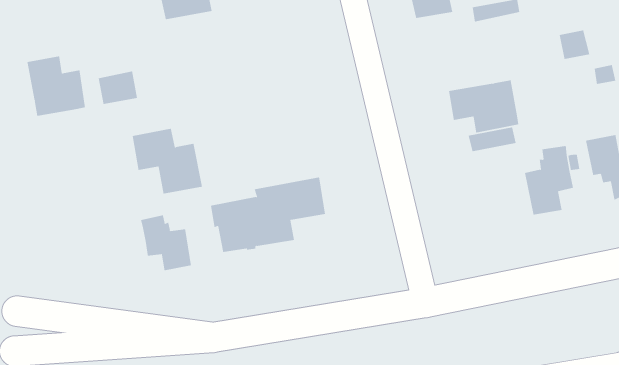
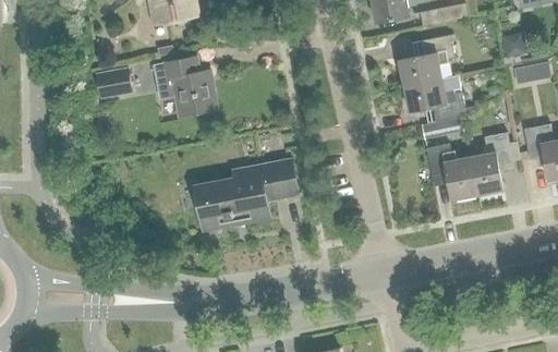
building: none -> [399,36,454,86]
building: [27,55,85,118] -> none
building: [132,128,203,194] -> [154,59,216,117]
building: none -> [427,145,477,201]
building: [140,215,192,271] -> none

